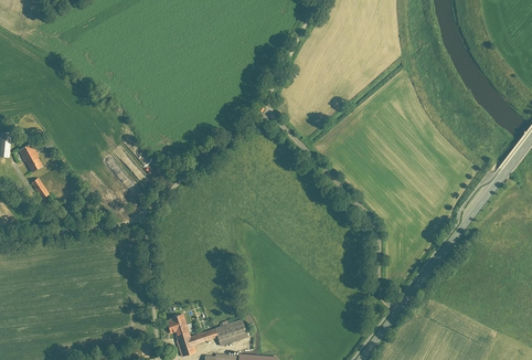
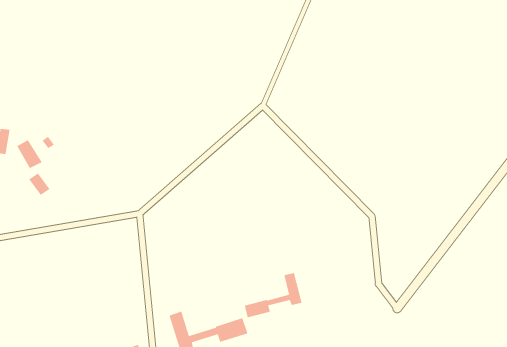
building: none -> [244,272,302,318]

